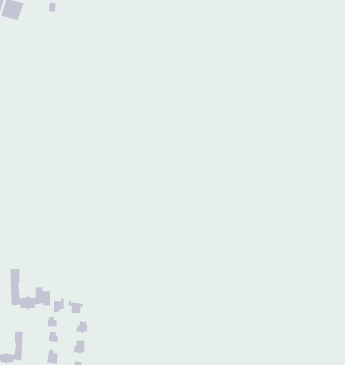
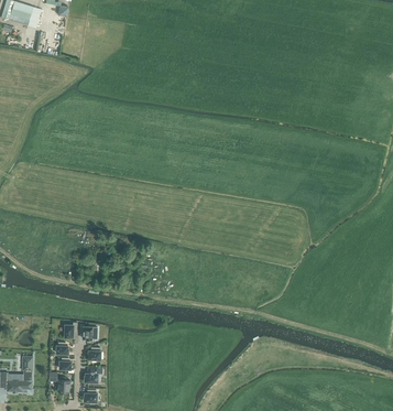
building: [10,268,51,310] -> none

